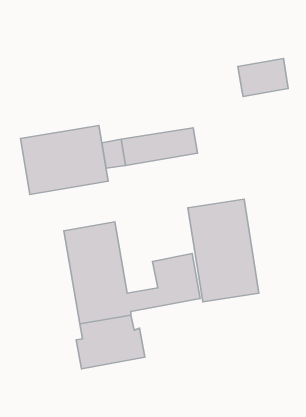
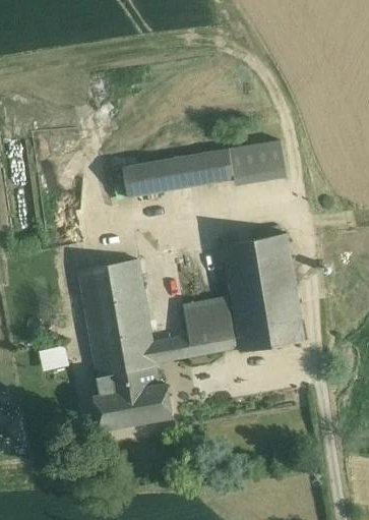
building: [238,59,288,96] -> [229,140,287,184]
building: [20,125,108,194] -> none

